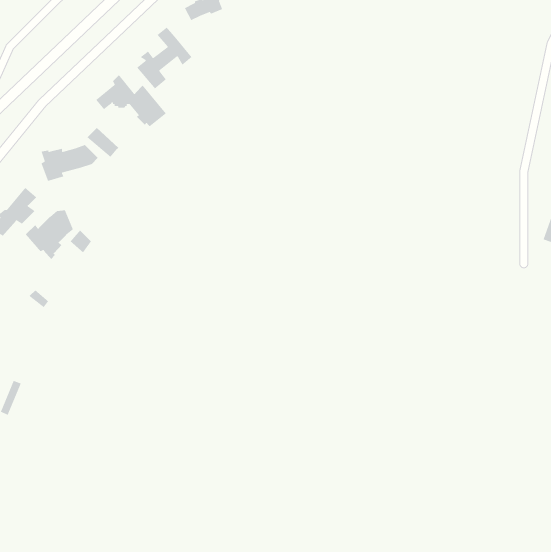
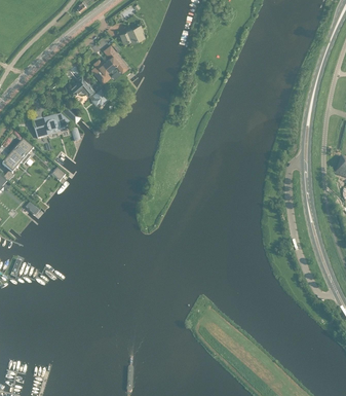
building: [25,209,74,260] -> none

